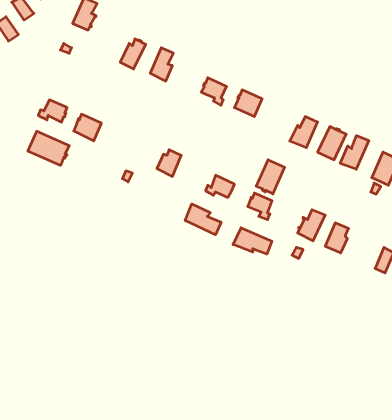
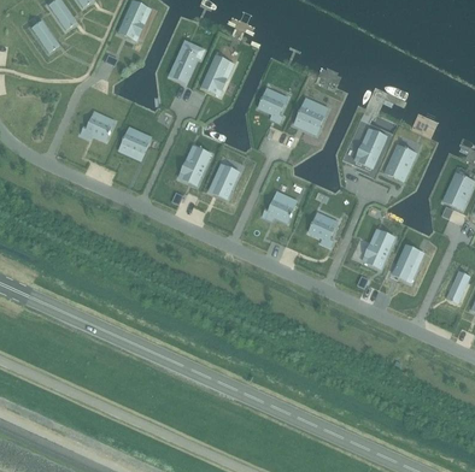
building: [28,131,69,165] -> none
building: none -> [178,149,209,183]
building: [340,136,369,169] -> none
building: [256,160,285,194] -> none
building: [185,204,221,235] -> none
building: [233,228,272,254] -> none

